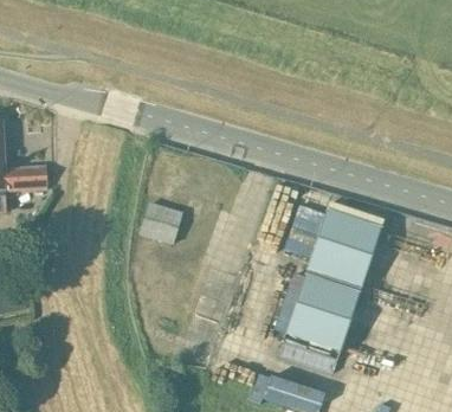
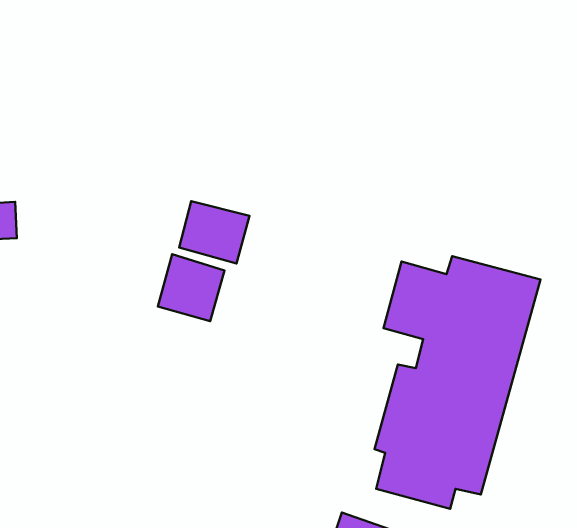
building: none -> [179,201,250,263]

